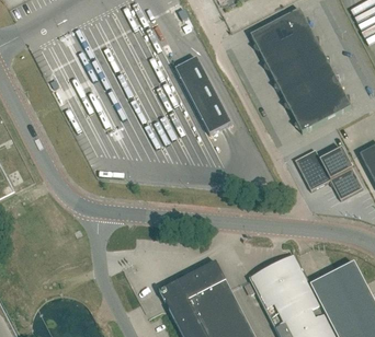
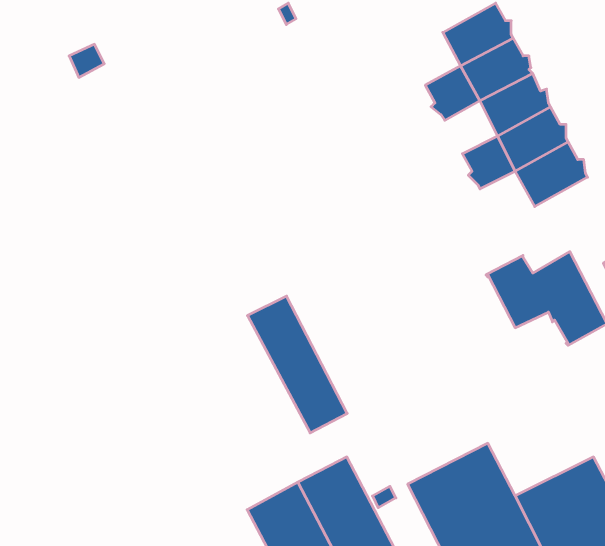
building: [249,23,279,53] -> none
building: [173,56,229,132] -> [247,296,347,433]
building: [270,61,299,91] -> none
building: [289,101,320,130] -> none

